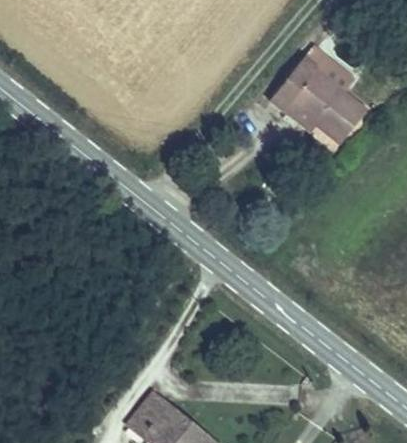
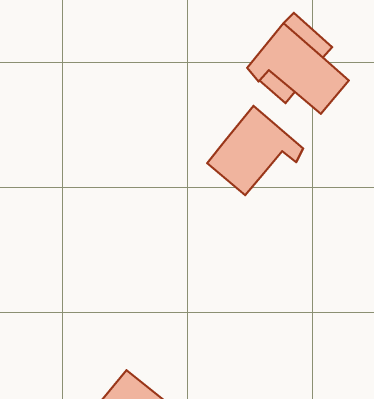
building: none -> [207,106,303,195]

